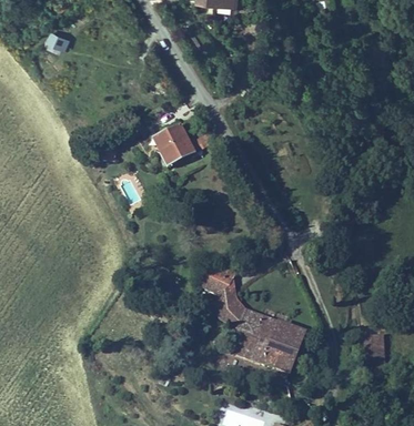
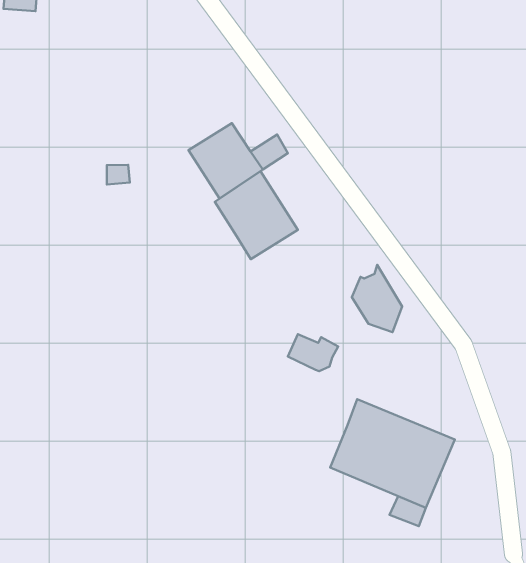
building: none -> [215,171,298,259]
building: [213,276,244,320] -> [352,265,402,332]

